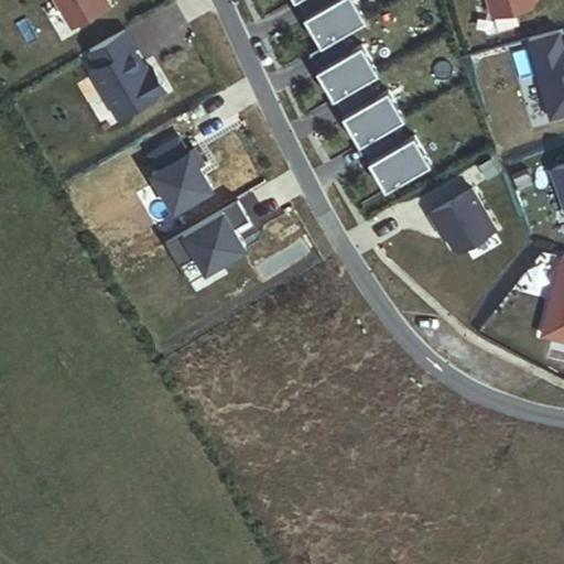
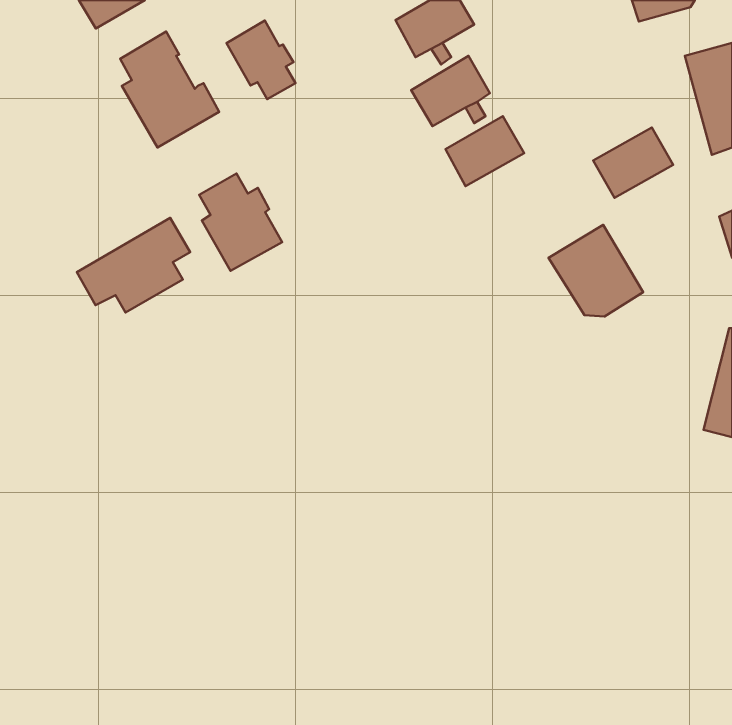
building: none -> [226,21,295,99]
building: [368,140,430,194] -> [593,128,673,198]
building: [166,204,253,276] -> [77,218,190,312]

